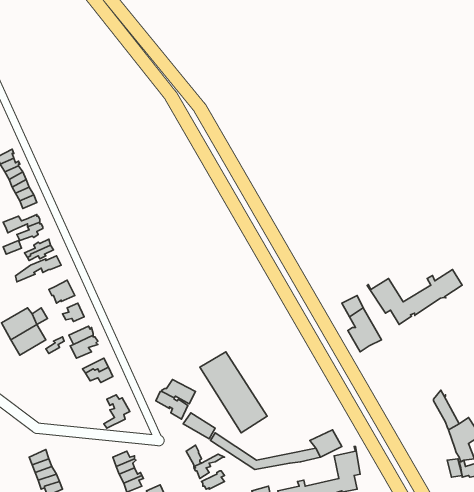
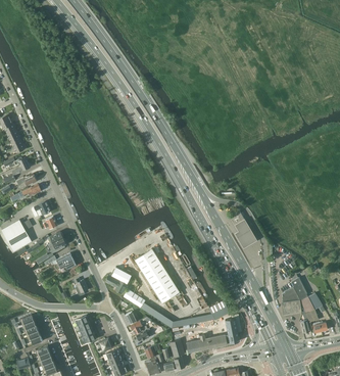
building: [367,270,462,324] -> none
building: none -> [282,287,305,315]

